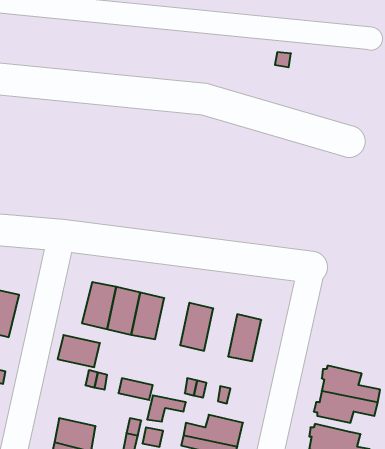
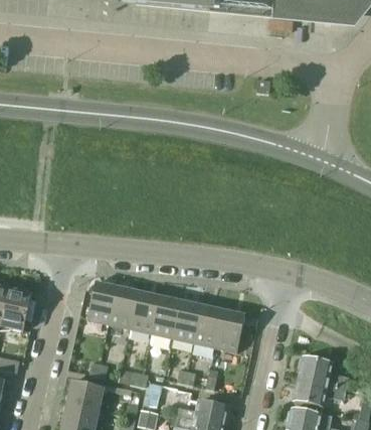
building: none -> [151,296,181,337]
building: none -> [194,305,223,347]
building: [58,335,100,367] -> [66,381,104,409]

